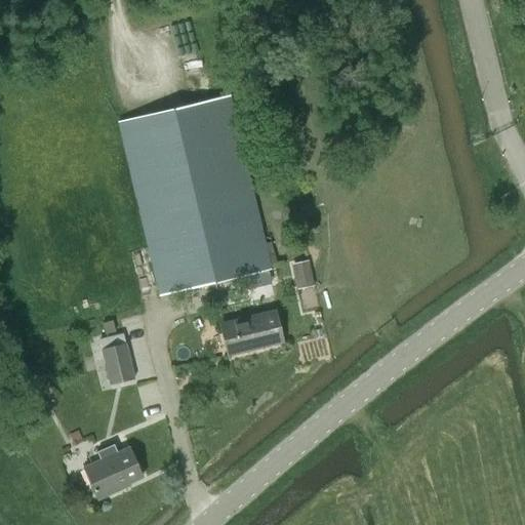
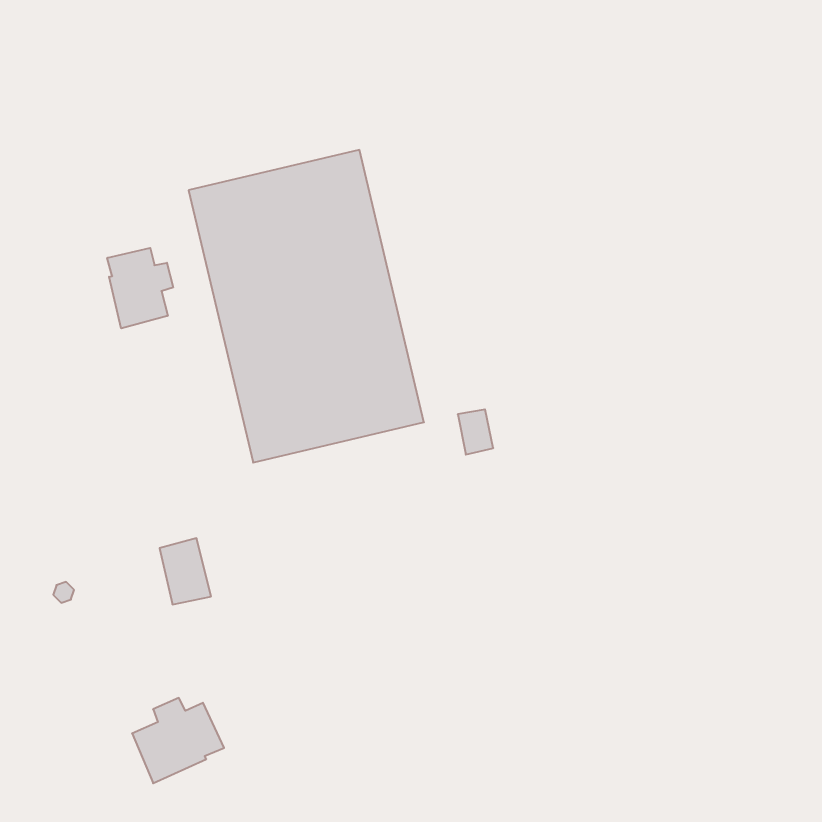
building: none -> [107,248,173,328]
building: [221,310,284,355] -> none

